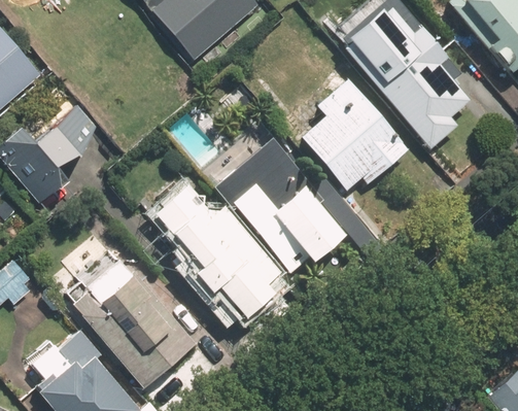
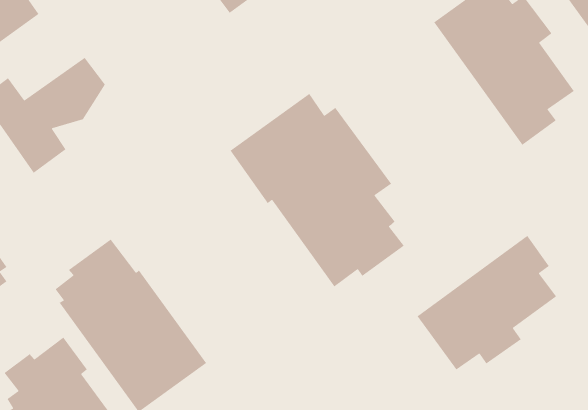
building: [303,79,410,189] -> none
building: [154,184,281,328] -> none
building: none -> [417,235,557,371]

